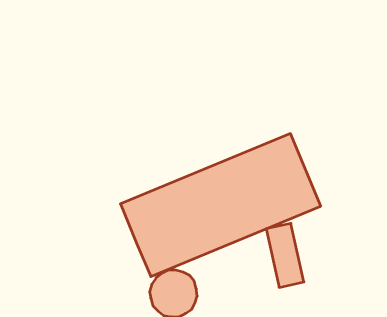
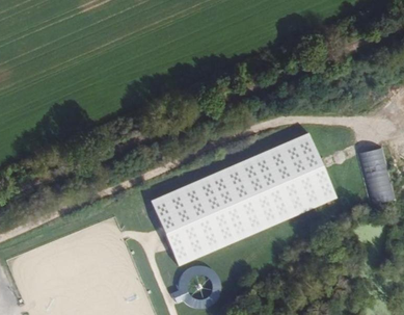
building: [266,223,304,287] -> [359,148,396,209]

